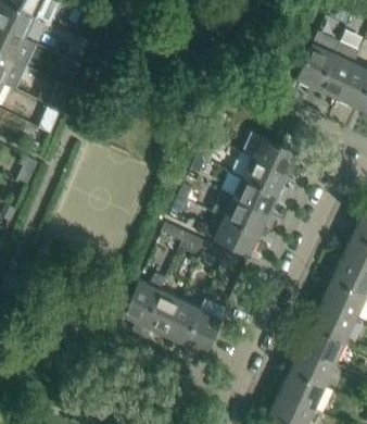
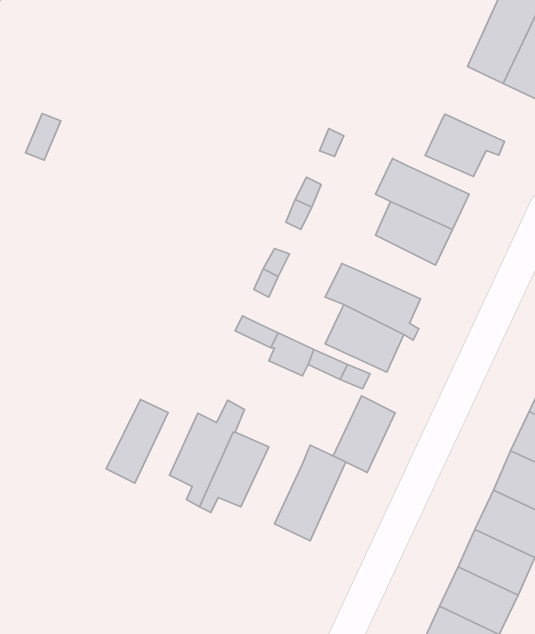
building: none -> [425,114,505,176]
building: [232,177,277,214] -> none
building: none -> [106,399,168,483]
building: [164,300,200,345] -> [333,396,395,473]

